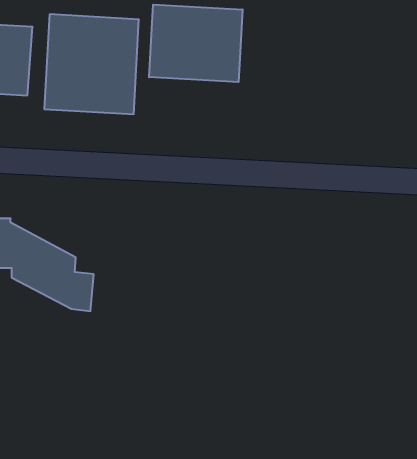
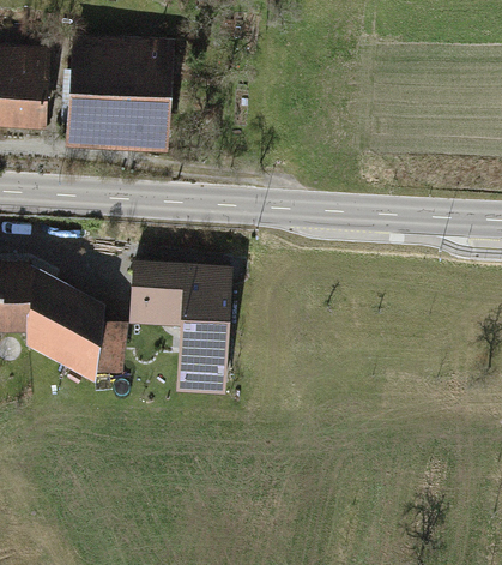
building: [149,5,243,82] -> none
building: none -> [132,264,228,386]

